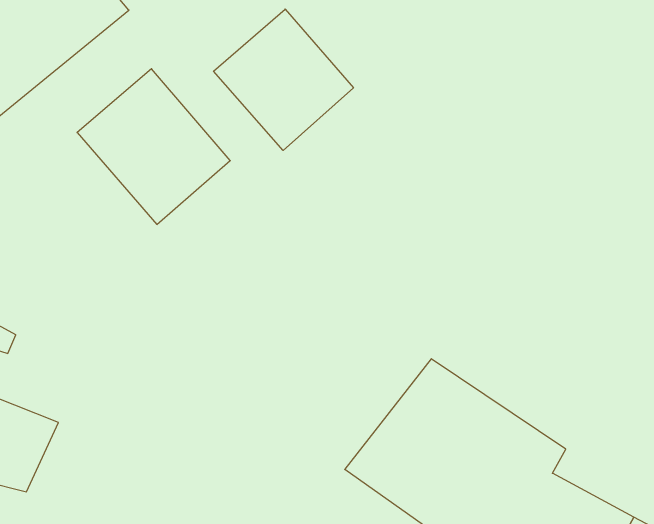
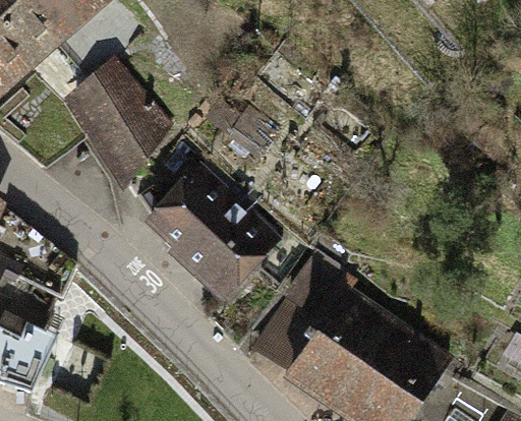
building: [214,9,353,150] -> none
building: none -> [144,163,276,294]

